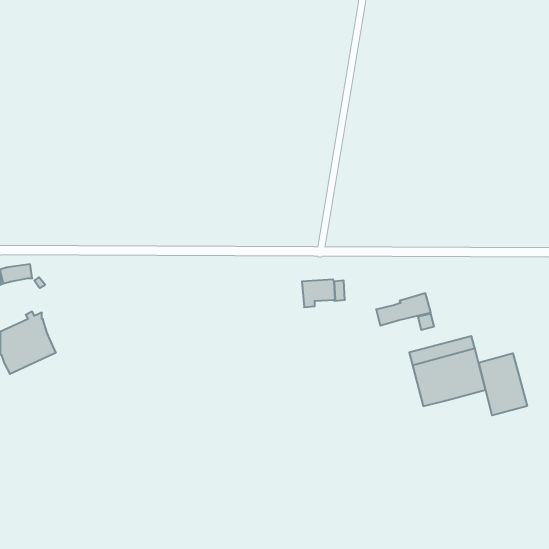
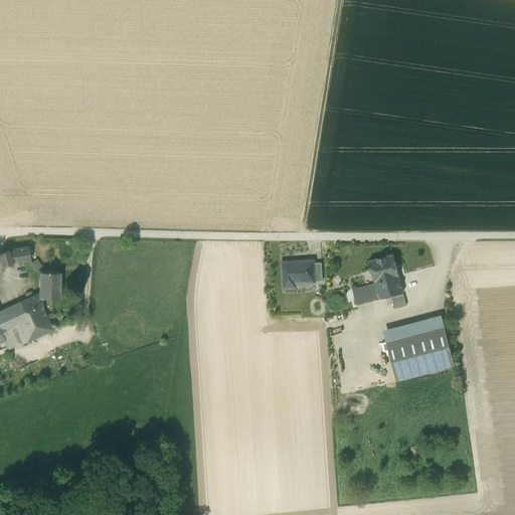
building: none -> [369,254,398,282]
building: none -> [39,272,60,299]
building: [479,353,527,415] -> none

